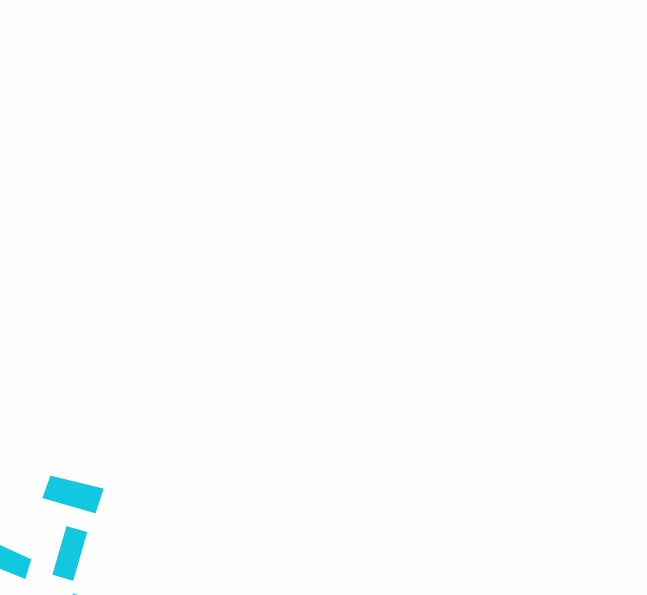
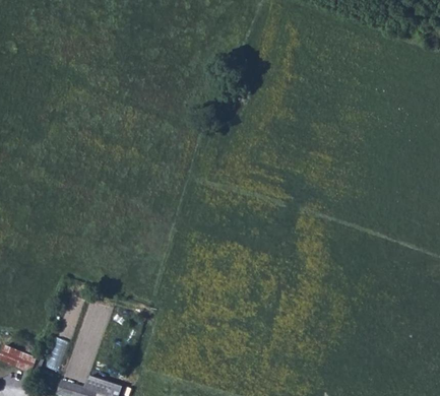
building: [41,475,104,514] -> none

